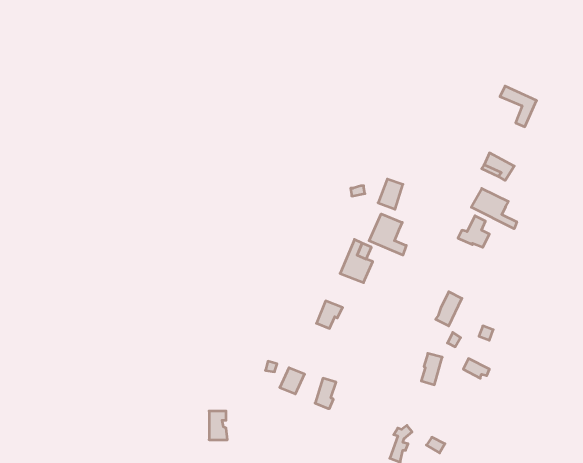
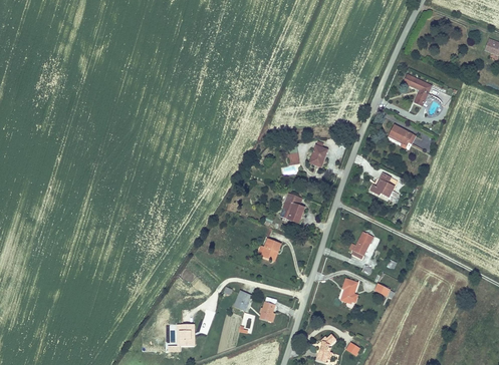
building: [471,188,517,229] -> none
building: [369,214,406,255] -> none

